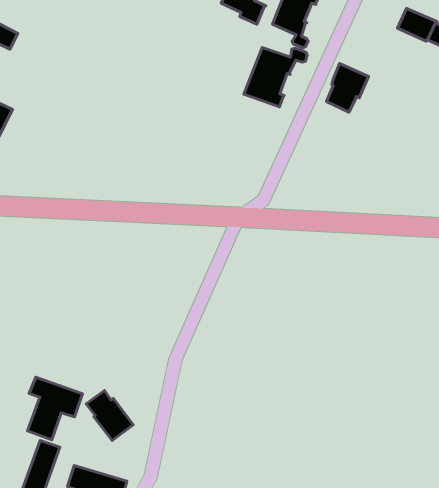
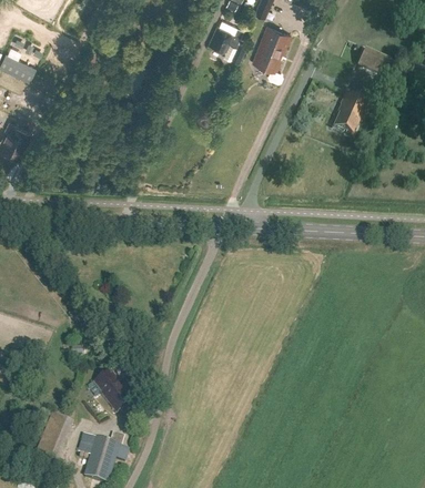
building: [244,48,307,107] -> none
building: [326,64,369,112] -> [333,91,368,132]
building: [27,377,83,440] -> none

